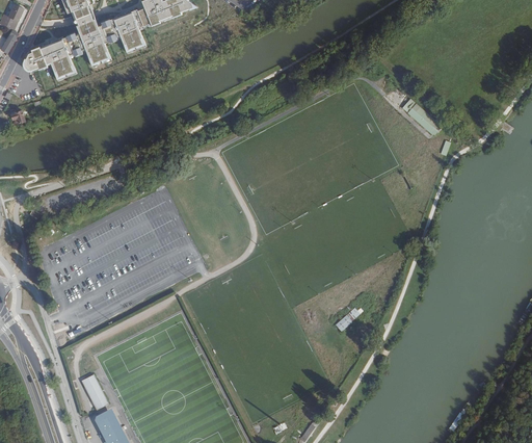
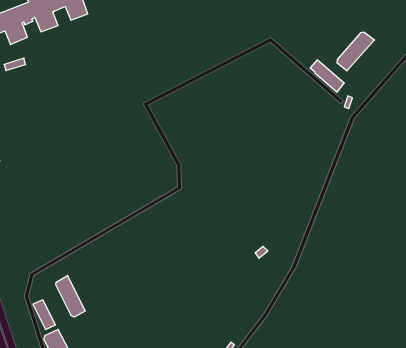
building: none -> [337,32,375,71]
building: none -> [56,275,85,317]

